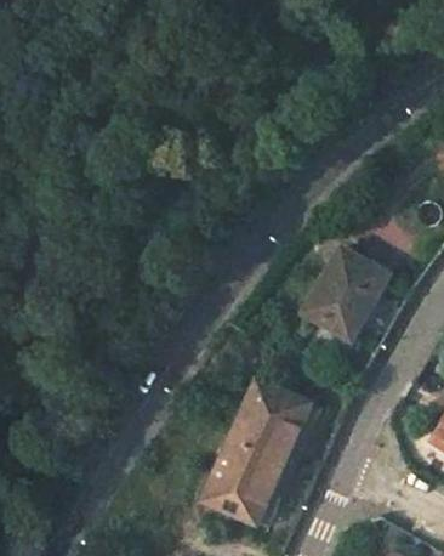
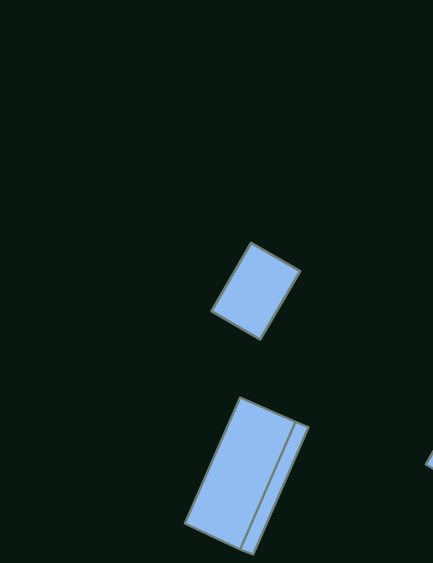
building: [302,248,386,339] -> [211,243,300,340]

